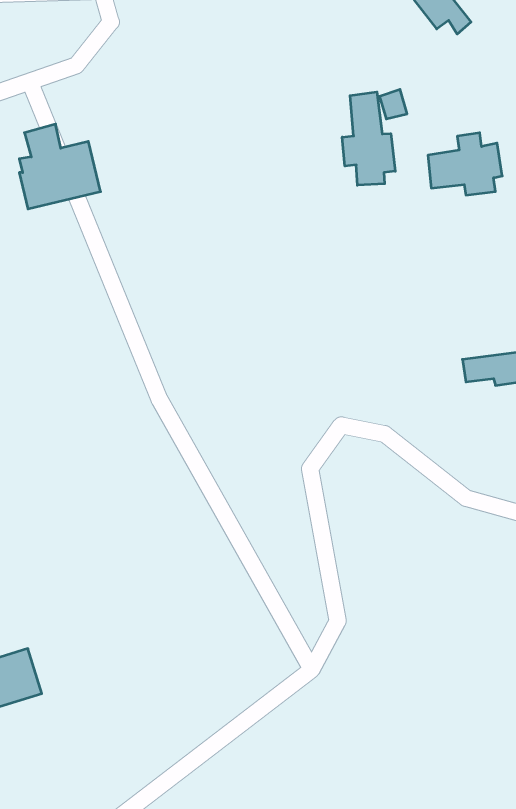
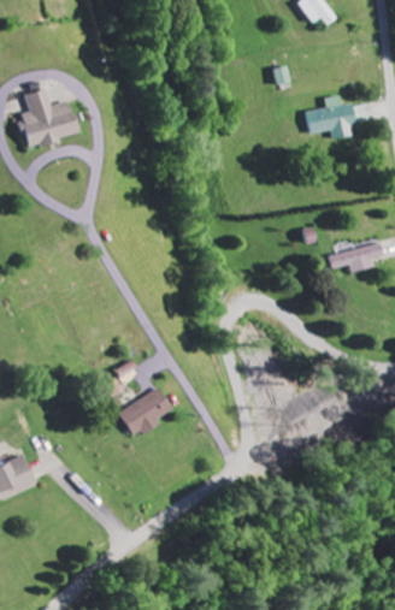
building: [342,92,395,185] -> none
building: none -> [118,385,172,437]

